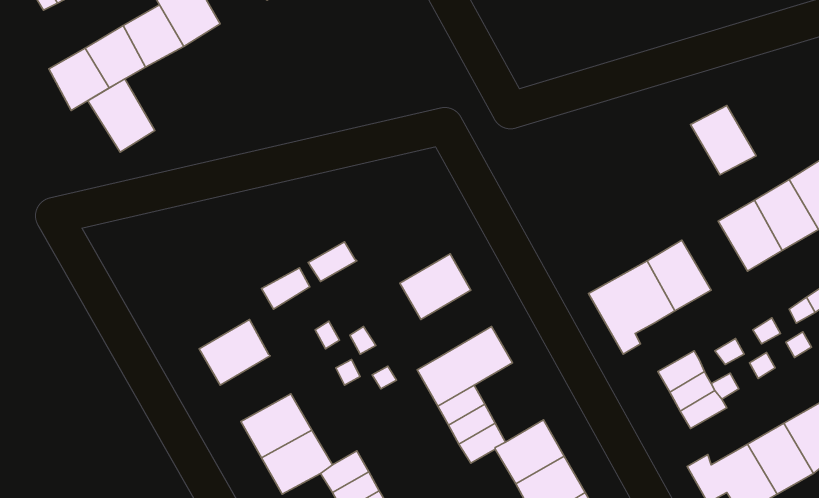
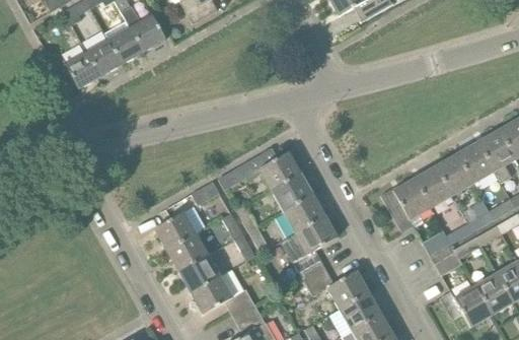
building: [88,79,155,152] -> none
building: [690,106,756,175] -> [437,153,475,194]
building: none -> [253,147,301,190]
building: none -> [284,194,325,232]
building: none -> [166,232,208,271]

